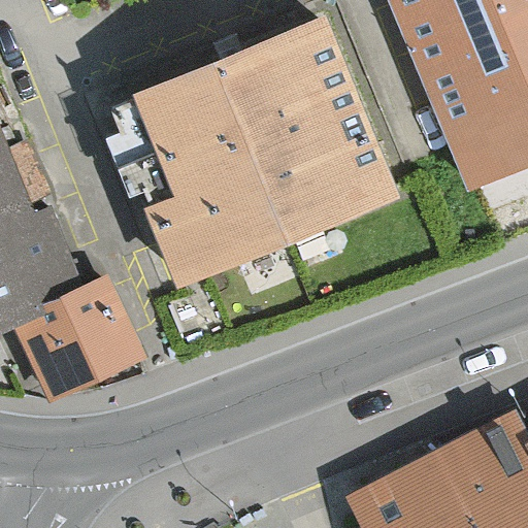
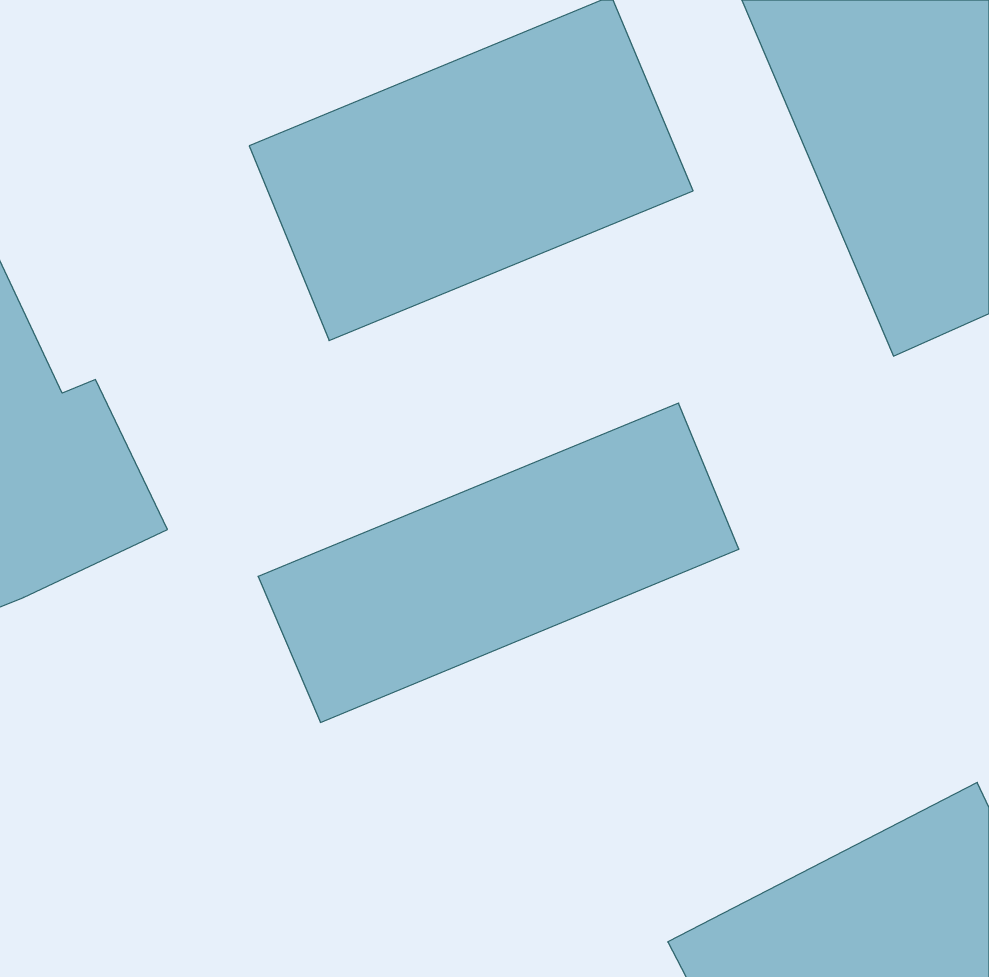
building: [144,110,399,279] -> [258,403,739,722]
building: [12,282,143,406] -> none

